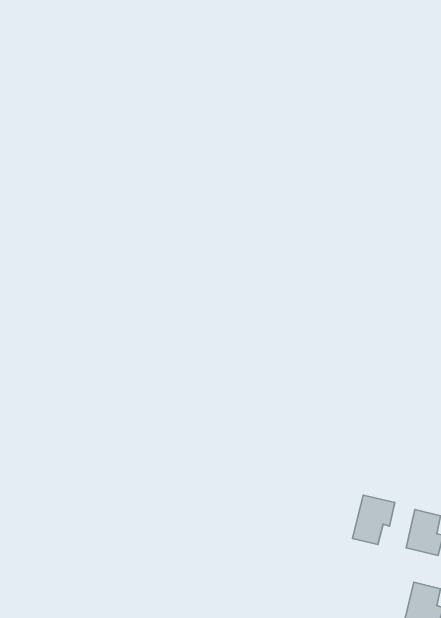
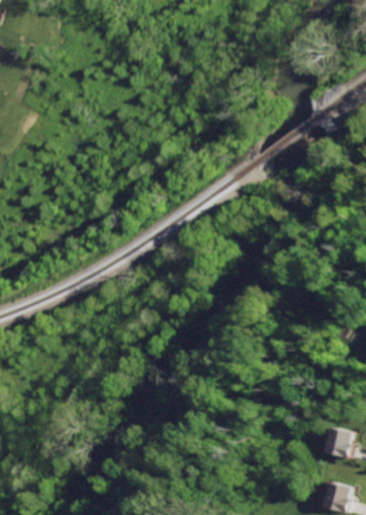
building: [352,495,395,544] -> none

